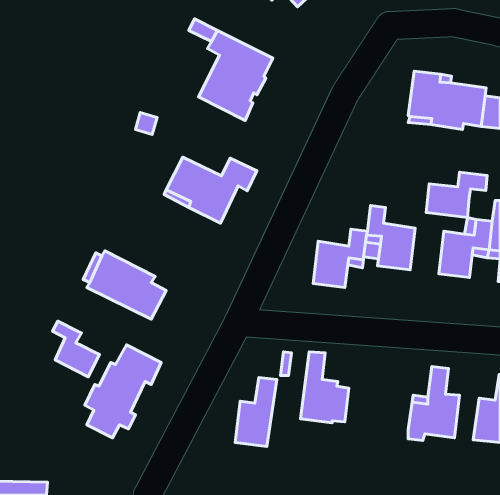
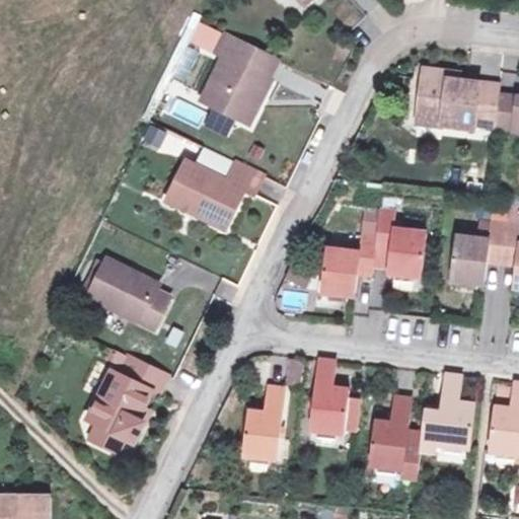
building: [426,172,487,217] -> none
building: [53,321,100,377] -> none
building: none -> [368,398,419,480]

